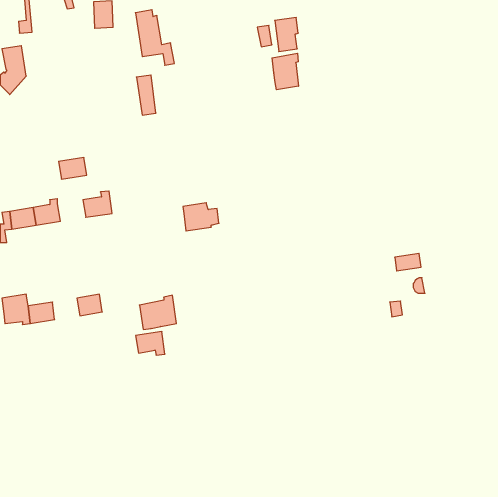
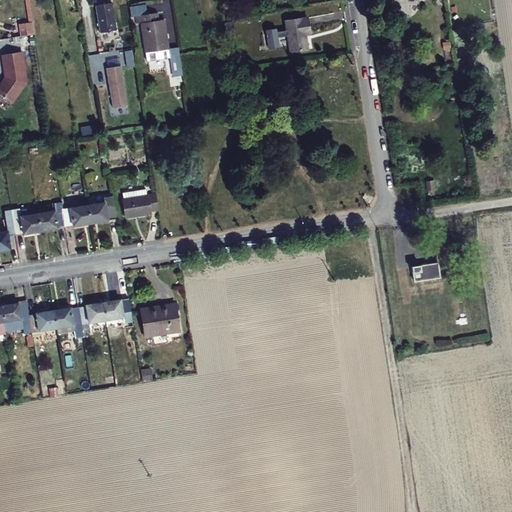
building: [272,53,298,90] -> none
building: [136,75,156,115] -> [106,65,126,106]
building: [59,158,87,179] -> [59,205,88,227]
building: [183,203,219,231] -> [121,188,158,217]
building: none -> [54,306,82,330]
building: [136,332,165,355] -> [102,298,132,322]

